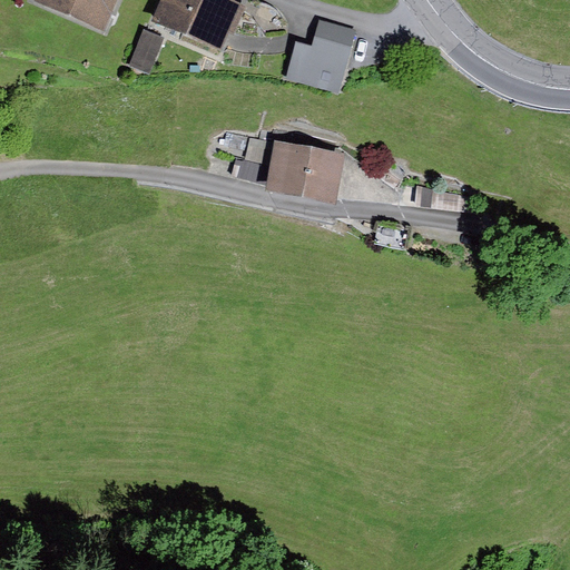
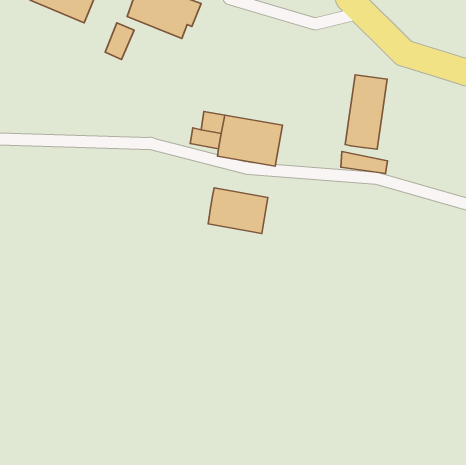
building: [285,18,355,91] -> none
building: none -> [345,75,387,149]
building: none -> [208,188,268,233]

